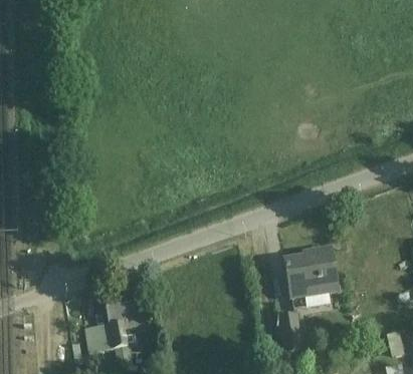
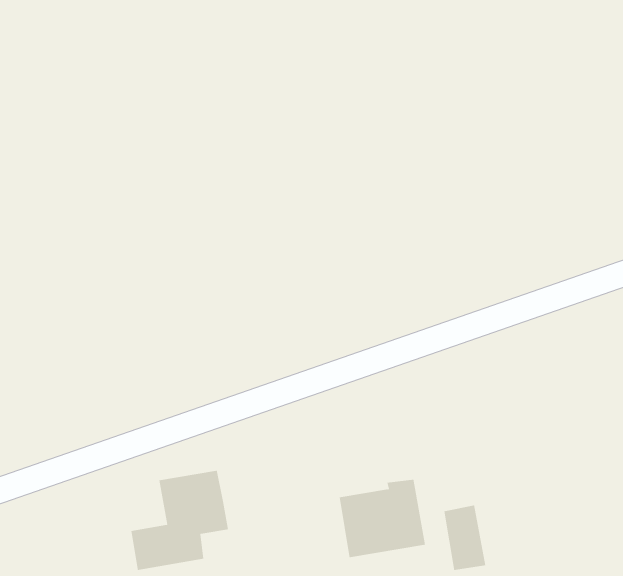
building: [283,250,337,298] -> [339,479,426,558]

